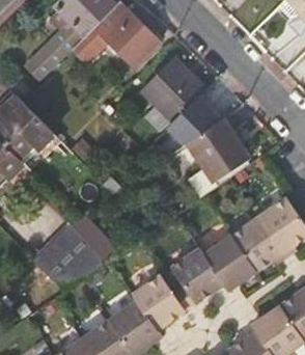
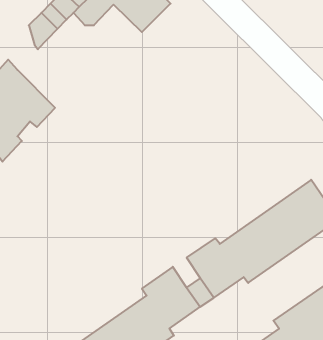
building: [139,55,216,122] -> none
building: [190,118,249,176] -> none
building: [32,221,105,294] -> none

